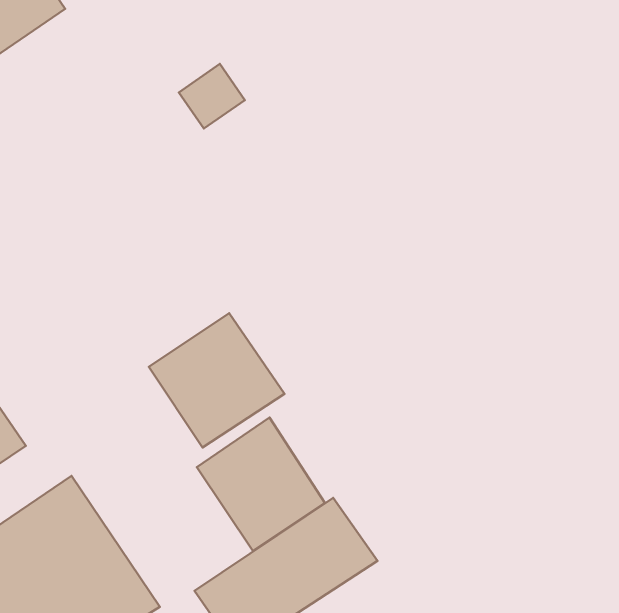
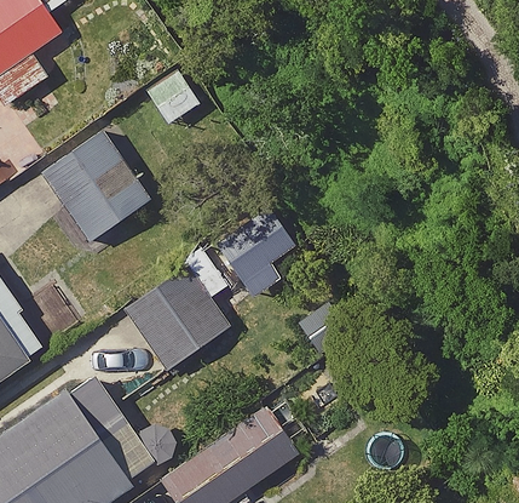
building: none -> [45,130,150,240]
building: [197,418,325,551] -> none

